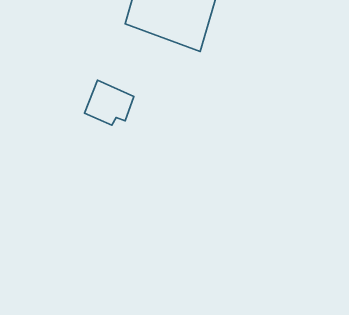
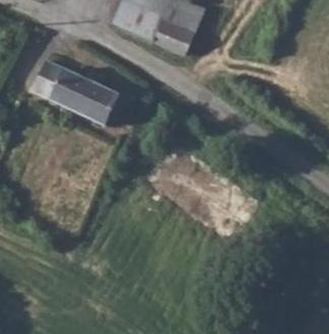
building: none -> [38,64,94,114]

